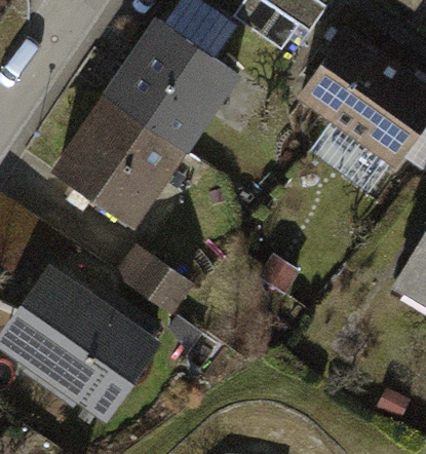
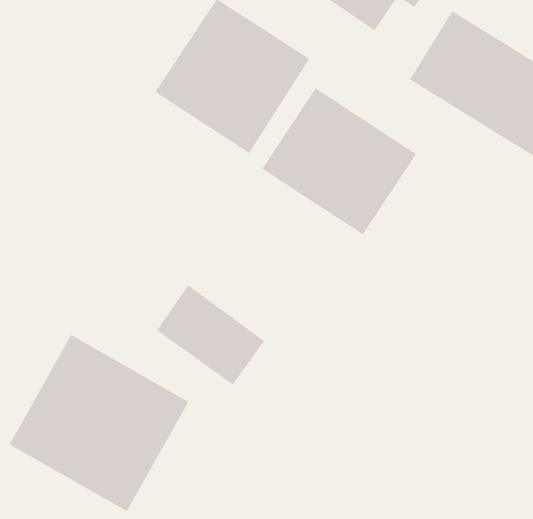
building: none -> [262,88,417,235]
building: [71,96,187,212] -> none

